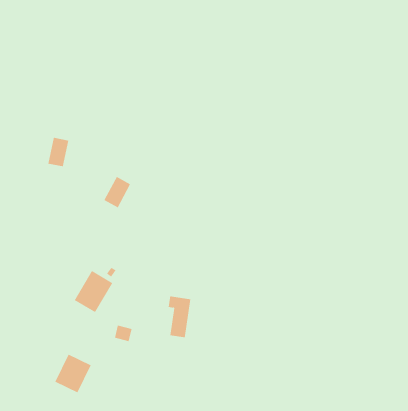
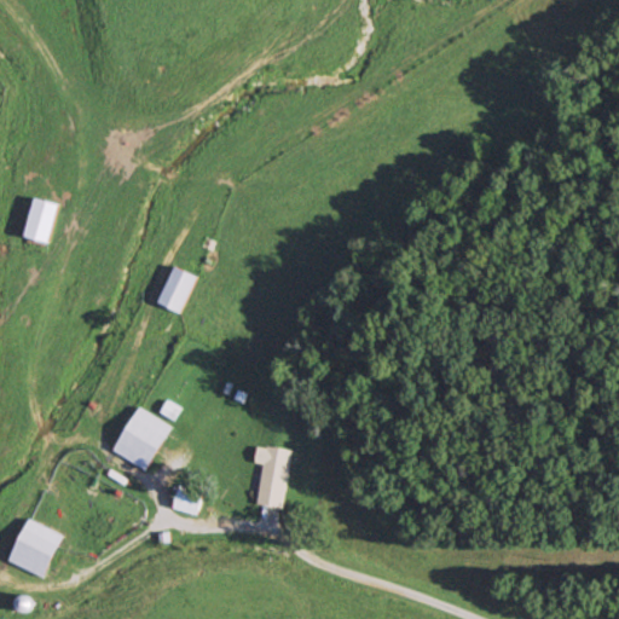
building: [48,137,69,167] -> [24,197,57,242]
building: [55,354,91,393] -> [6,519,62,578]

